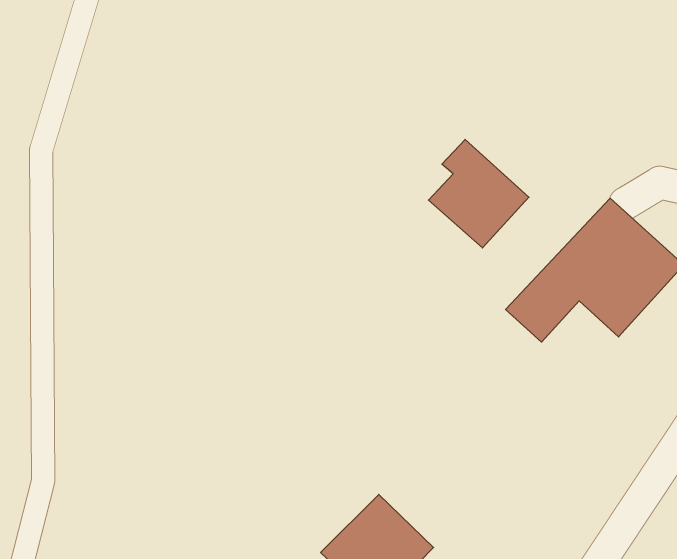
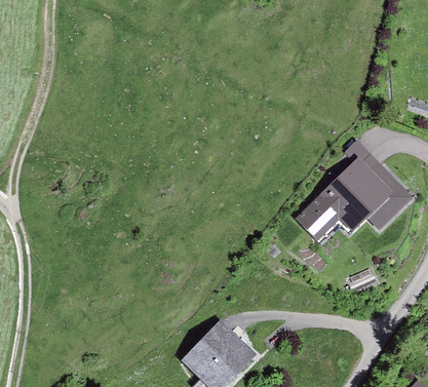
building: [428,139,529,248] -> none

